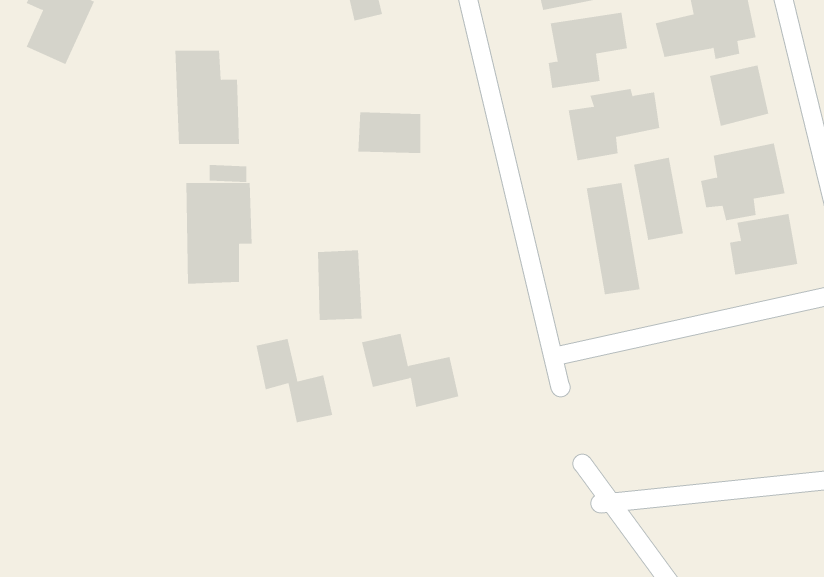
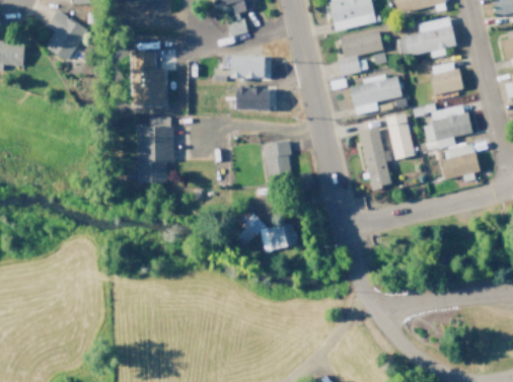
building: none -> [229,56,265,79]
building: [317,250,362,321] -> [268,141,293,180]
building: [256,338,333,423] -> none

